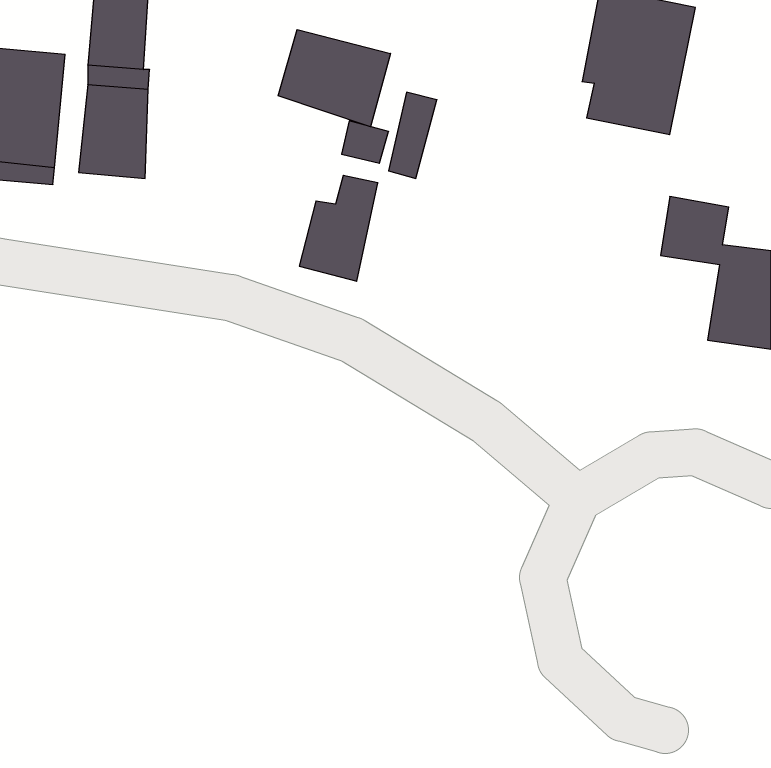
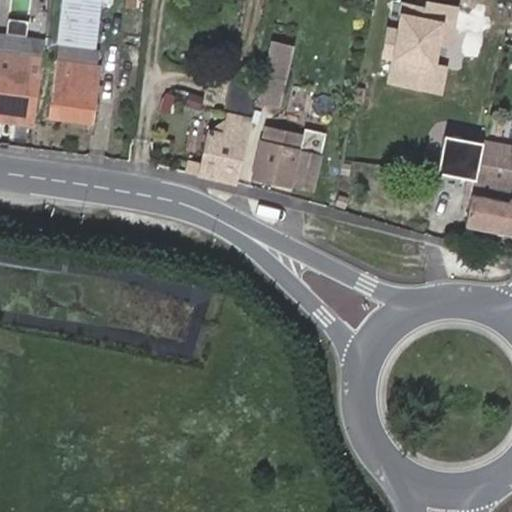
building: [278,30,390,127] -> none
building: none -> [255,129,319,191]

